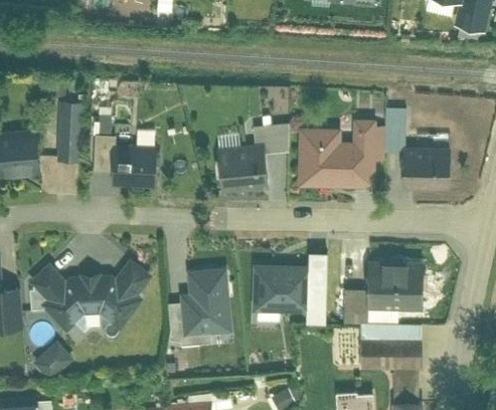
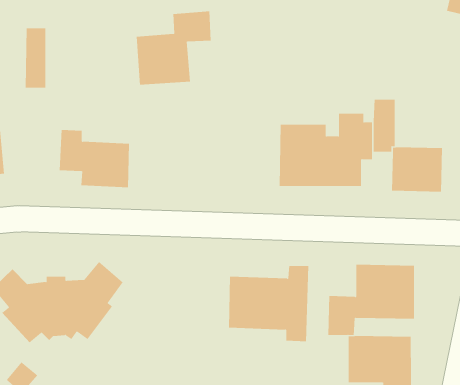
building: [56,104,76,160] -> [25,28,46,88]
building: [217,124,288,193] -> [136,11,211,85]
building: [165,266,231,345] -> none

